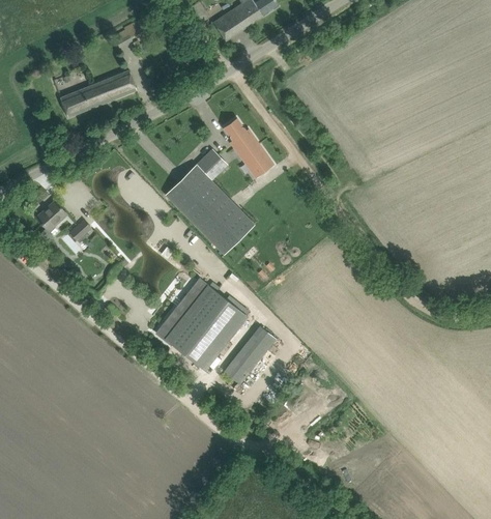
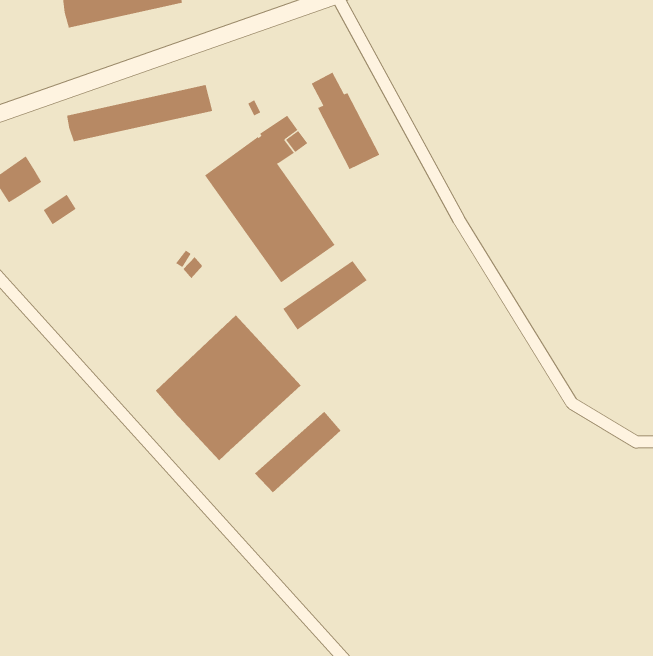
building: none -> [67,84,213,142]
building: none -> [283,260,368,331]

